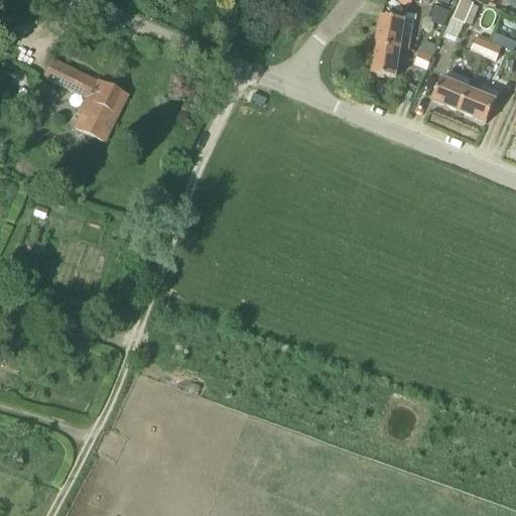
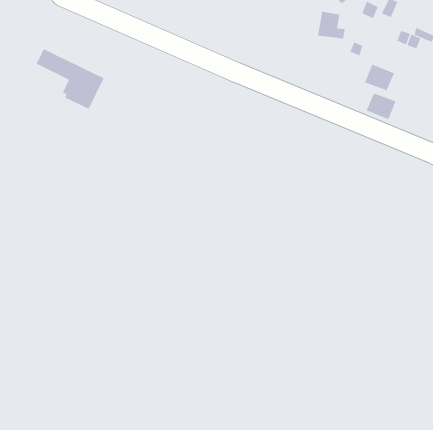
building: [374,42,401,75] -> none
building: [461,87,497,119] -> [366,93,397,120]

